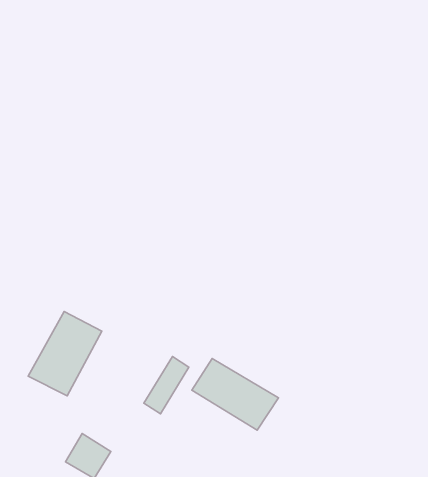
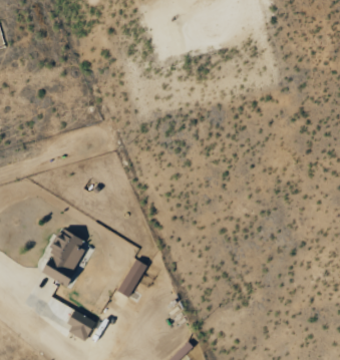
building: [192,358,278,430] -> none

